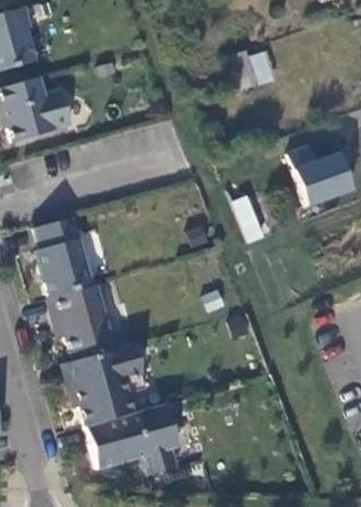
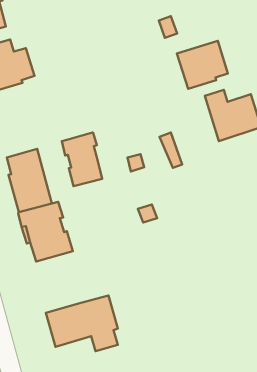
building: none -> [177,41,228,89]
building: none -> [62,132,102,186]
building: [69,344,147,426] -> none

